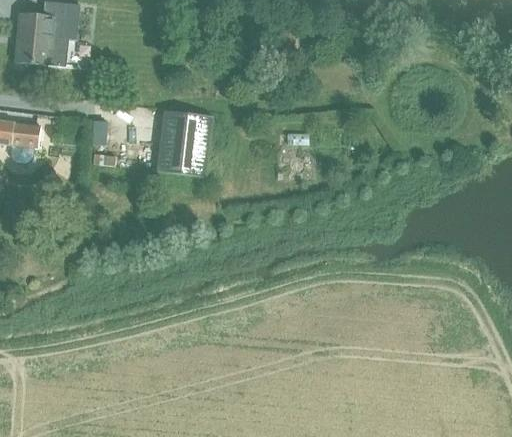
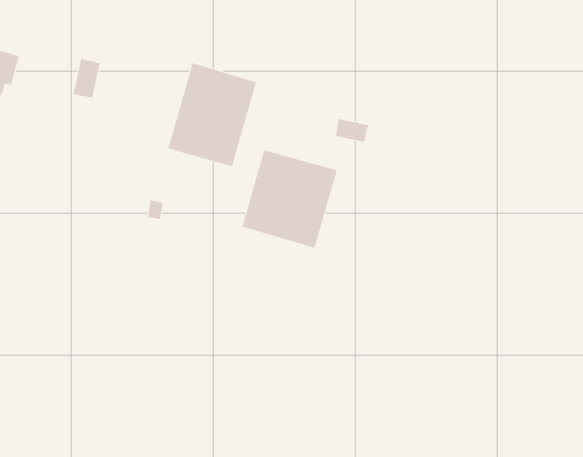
building: none -> [242,150,338,249]

